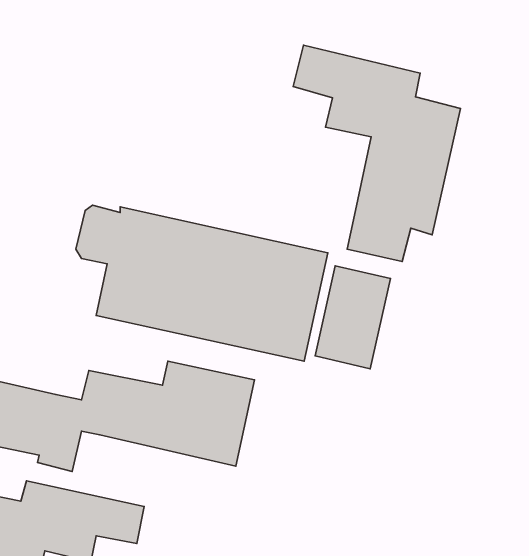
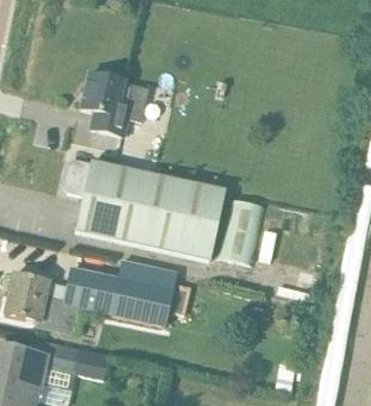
building: [293,45,461,261] -> none
building: none -> [81,71,150,137]

